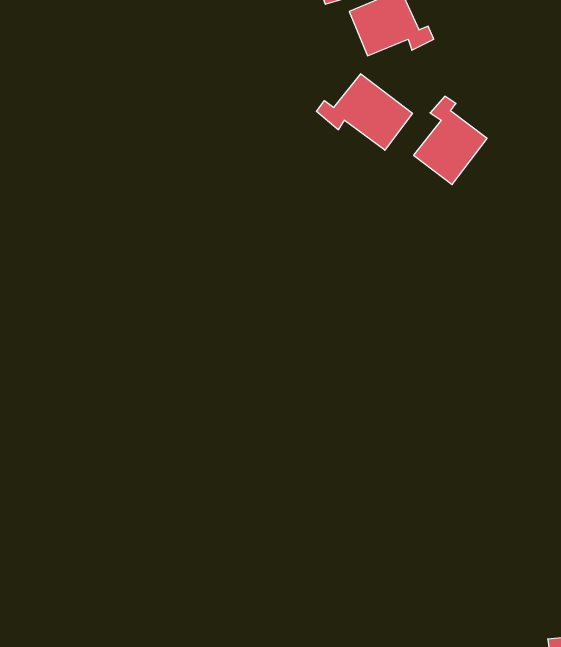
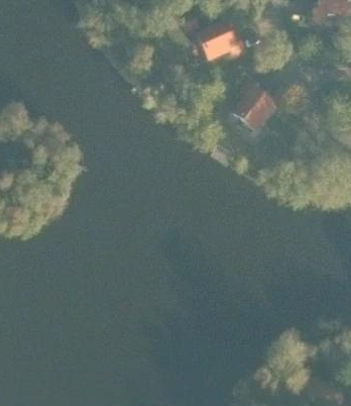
building: [316,74,412,150] -> none

